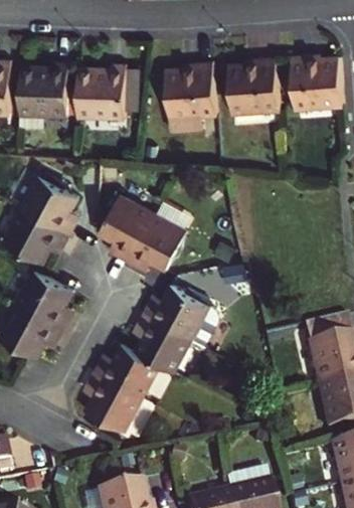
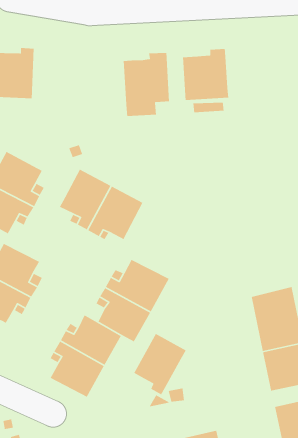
building: [275,58,341,113] -> none
building: [76,61,128,117] -> none
building: none -> [133,333,187,395]

